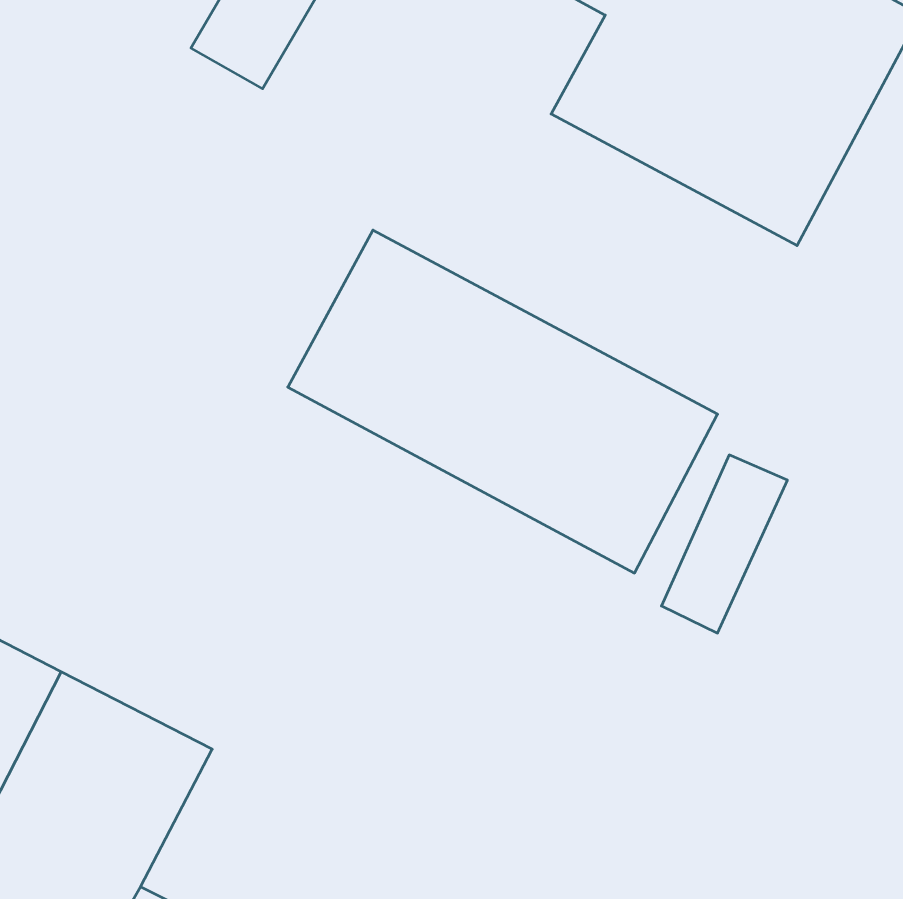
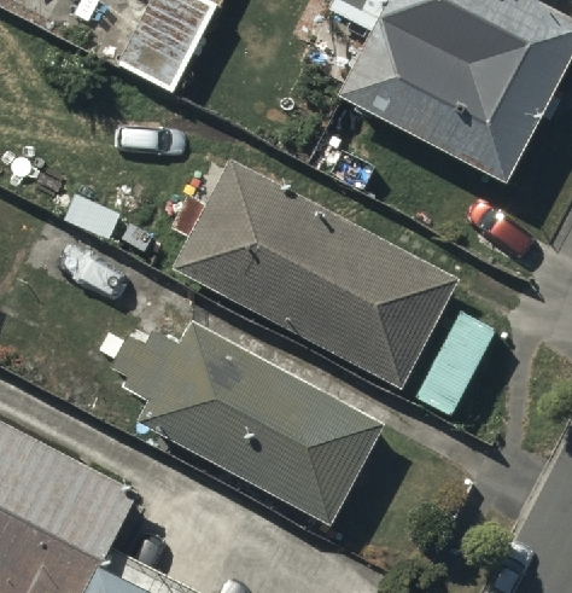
building: none -> [116,341,377,522]

